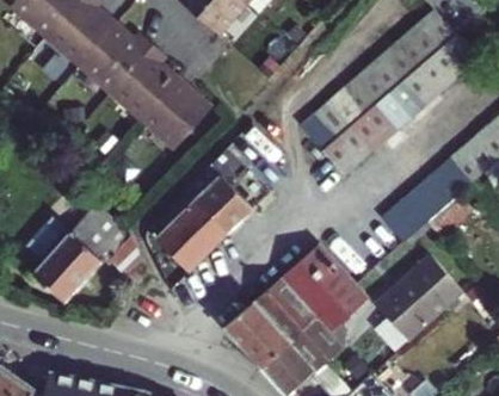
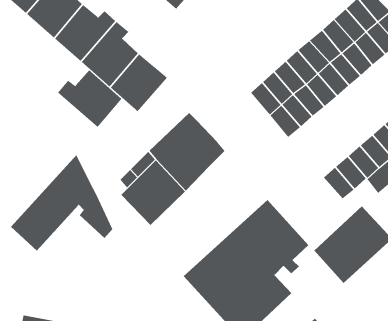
building: none -> [57,69,122,128]

